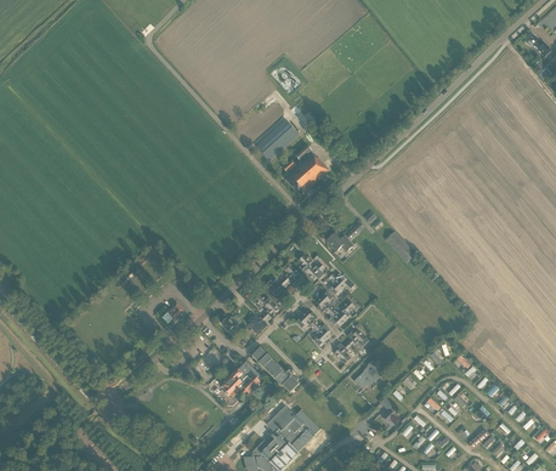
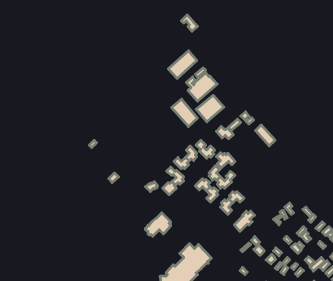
building: none -> [196,95,224,122]
building: none -> [172,99,197,127]
building: [251,346,297,392] -> none

